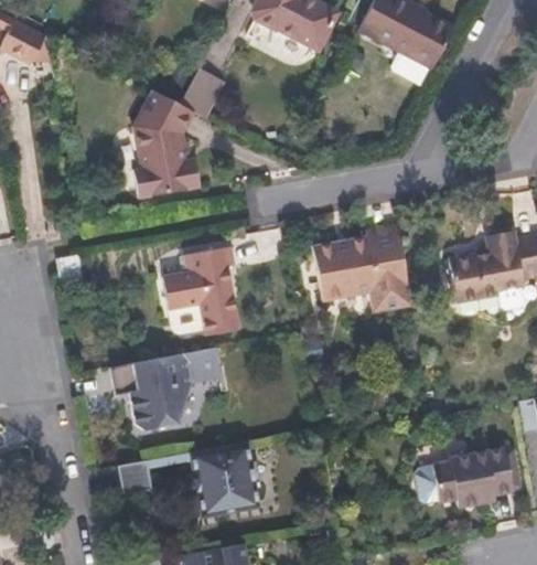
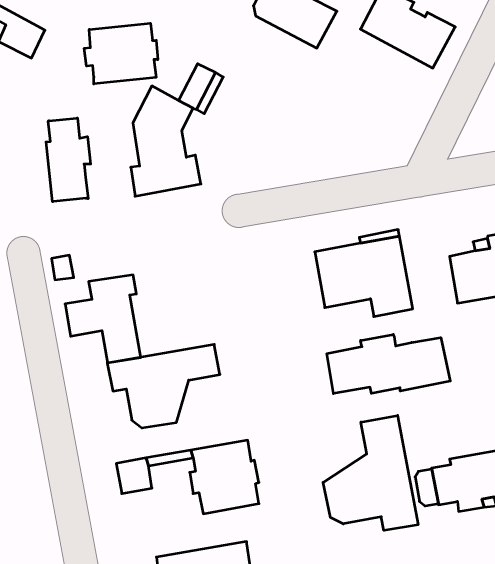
building: none -> [84,23,158,84]
building: none -> [46,118,91,202]
building: [163,246,238,333] -> [65,275,141,363]
building: none -> [327,334,450,394]
building: none -> [323,415,418,530]

